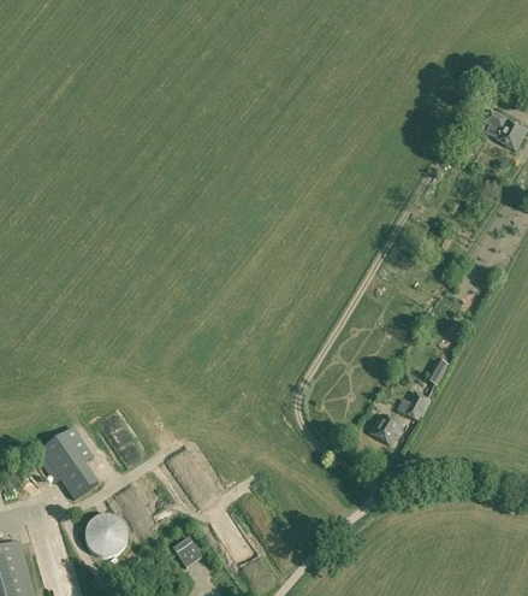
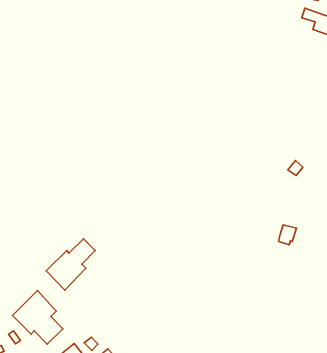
building: none -> [46,239,95,290]
building: [369,413,402,444] -> none

